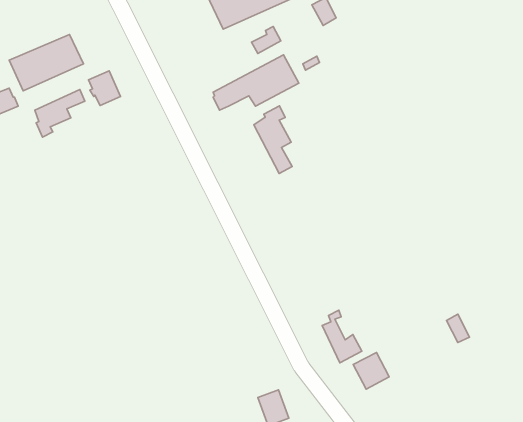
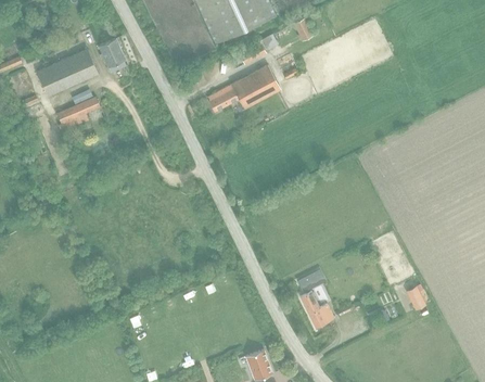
building: [89,71,121,105] -> [99,38,126,67]
building: [254,106,292,173] -> none
building: [353,352,389,389] -> none

